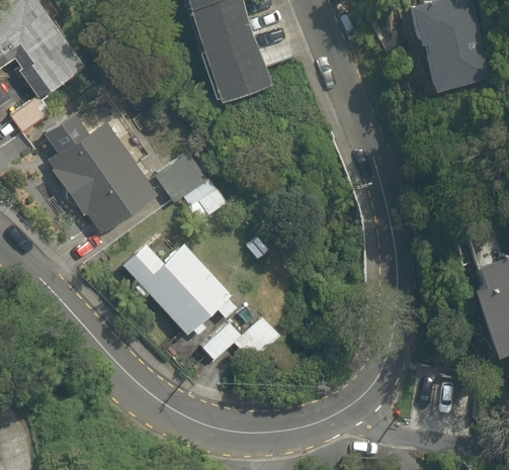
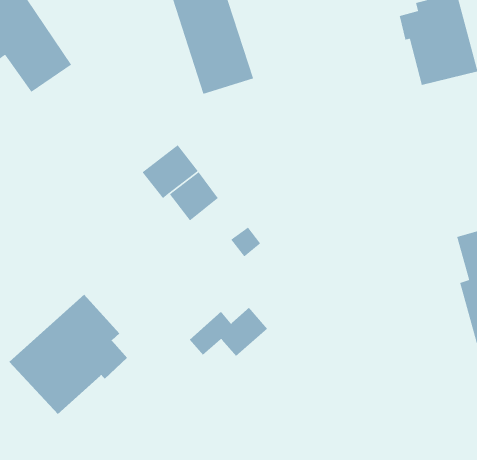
building: [48,122,155,233] -> none
building: [124,234,240,334] -> none
building: none -> [8,294,128,415]

